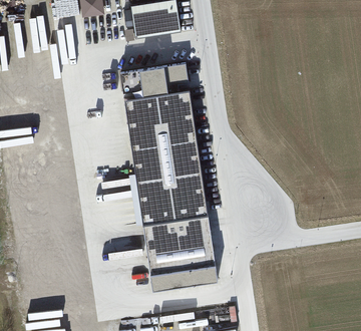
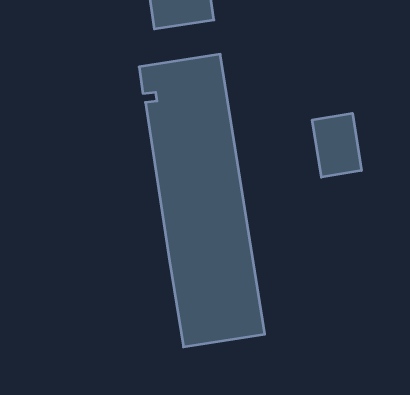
building: none -> [312,113,361,177]

